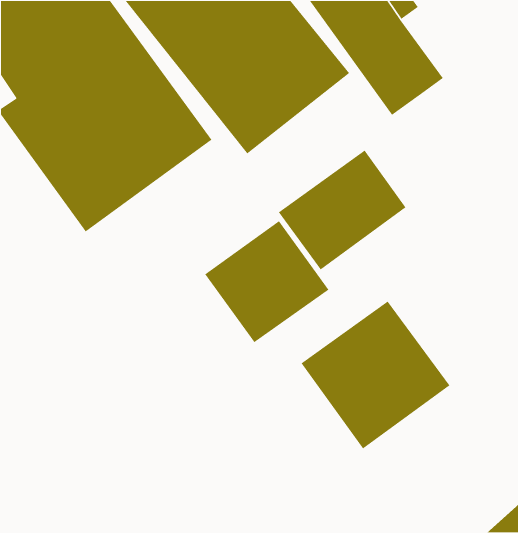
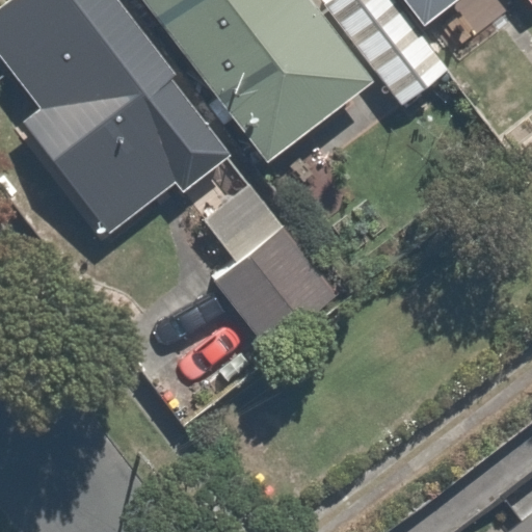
building: [278,149,406,271] -> none
building: [301,301,451,449] -> none

